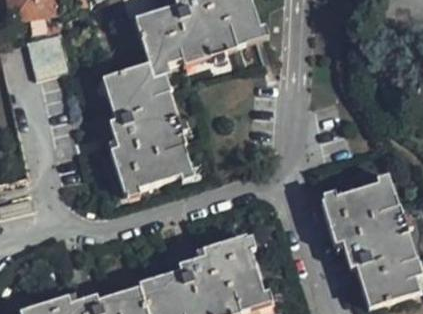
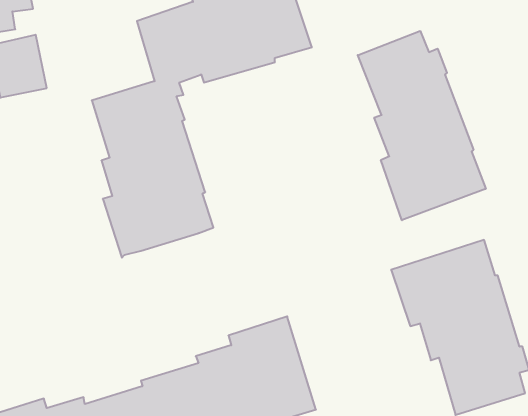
building: none -> [358,31,486,220]

